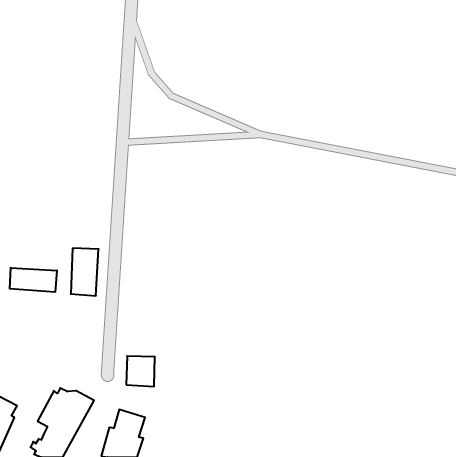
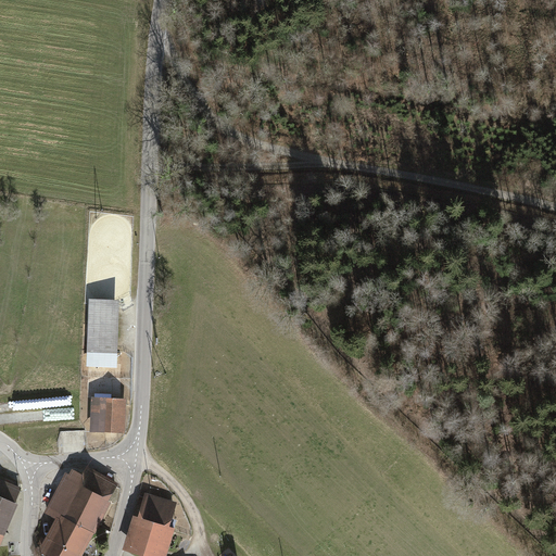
building: [10,268,57,292] -> none
building: [126,356,155,387] -> [90,400,125,437]

